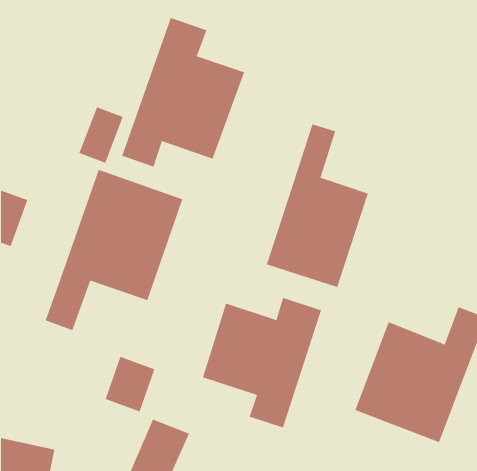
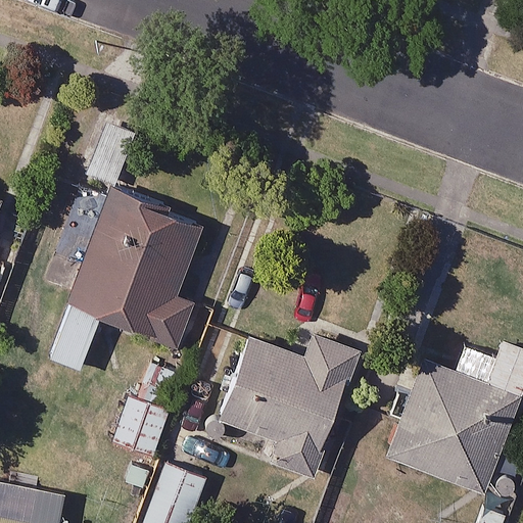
building: [121,17,245,168] -> none
building: [266,124,369,288] -> none

